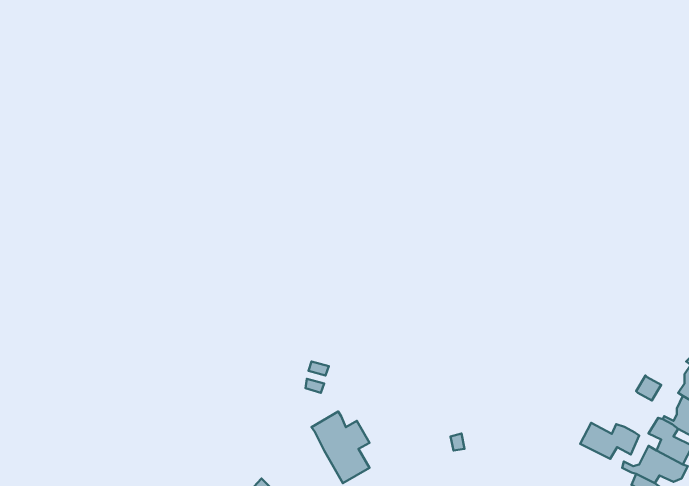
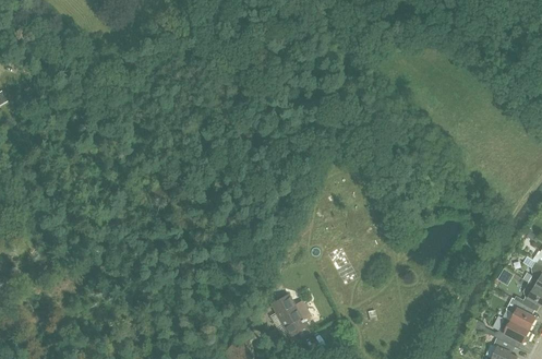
building: [580,423,639,459] -> none

